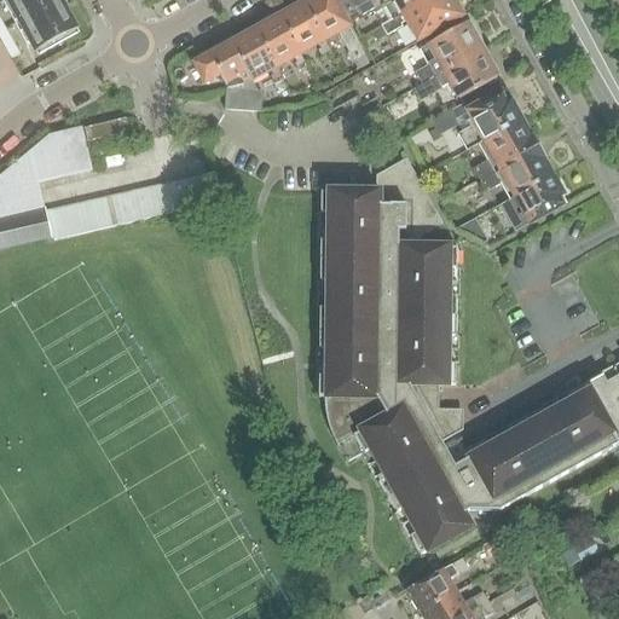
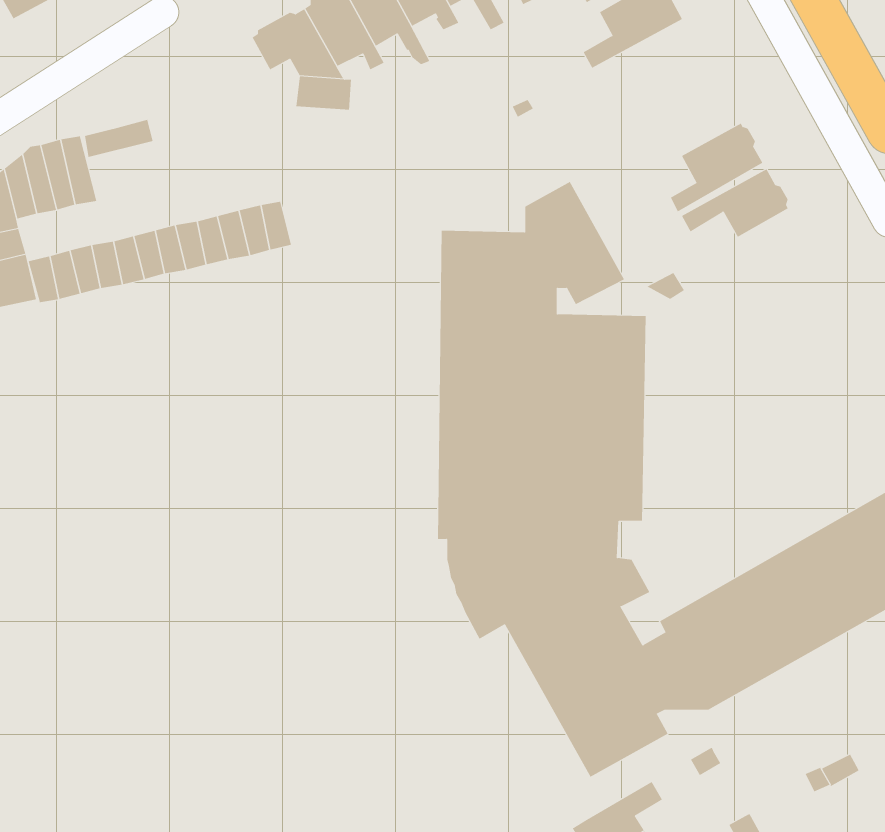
building: [413,48,499,98] -> none
building: [432,93,521,147] -> none
building: [501,174,565,230] -> none

